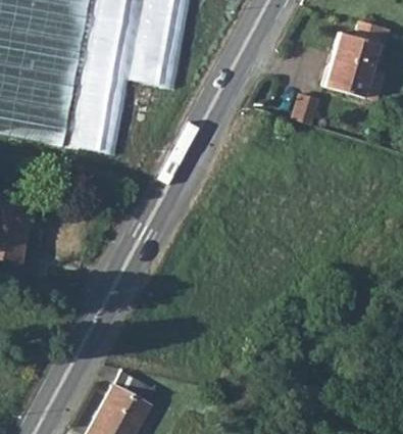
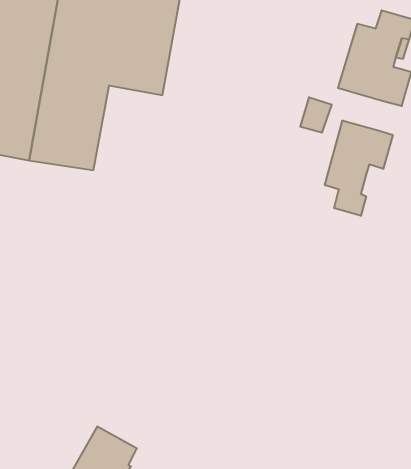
building: none -> [325,120,393,216]

